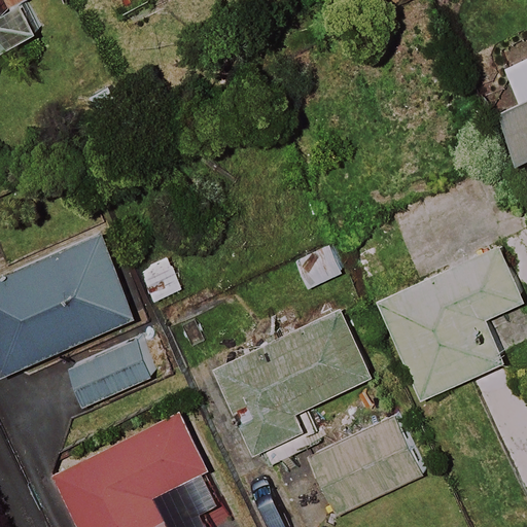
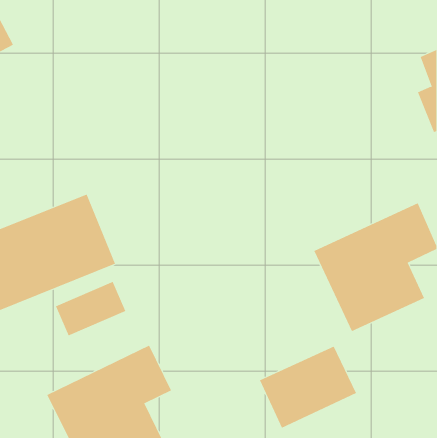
building: [215,313,372,468] -> none

